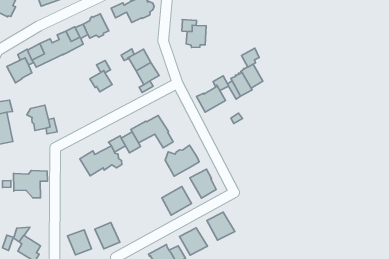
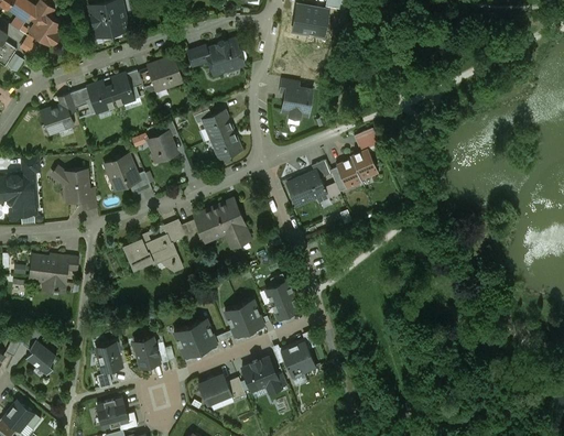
building: none -> [104,154,152,194]
building: [165,145,199,176] -> none
building: none -> [174,319,217,357]

